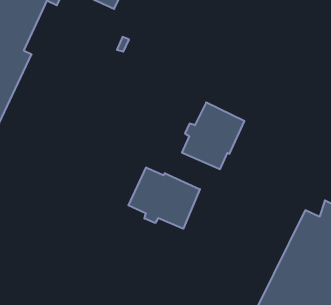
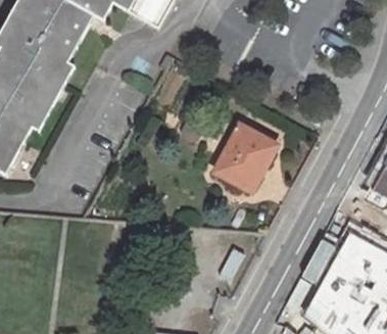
building: [128,167,200,229] -> none

